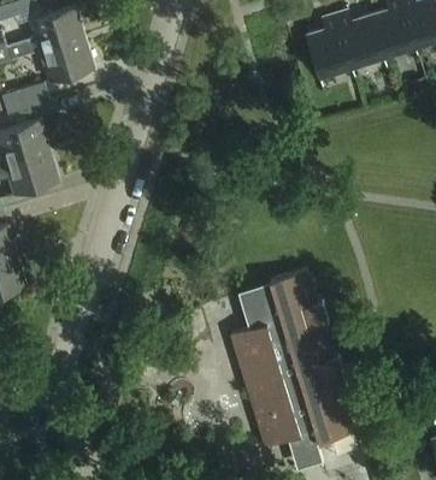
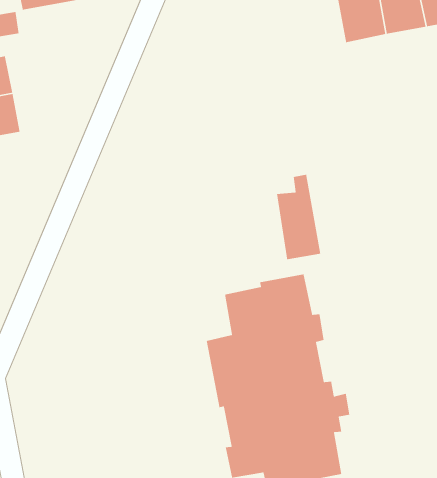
building: none -> [276,174,321,260]

